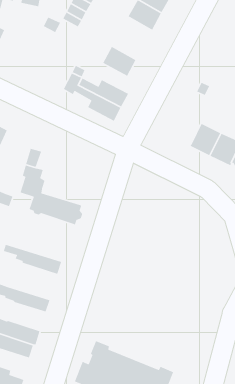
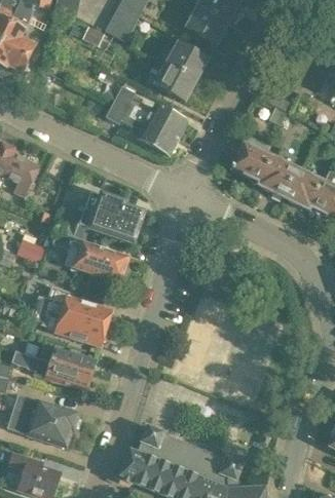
building: none -> [165,42,208,80]
building: none -> [234,144,275,183]
building: none -> [79,191,143,243]
building: none -> [35,285,110,328]
building: none -> [38,343,96,375]

